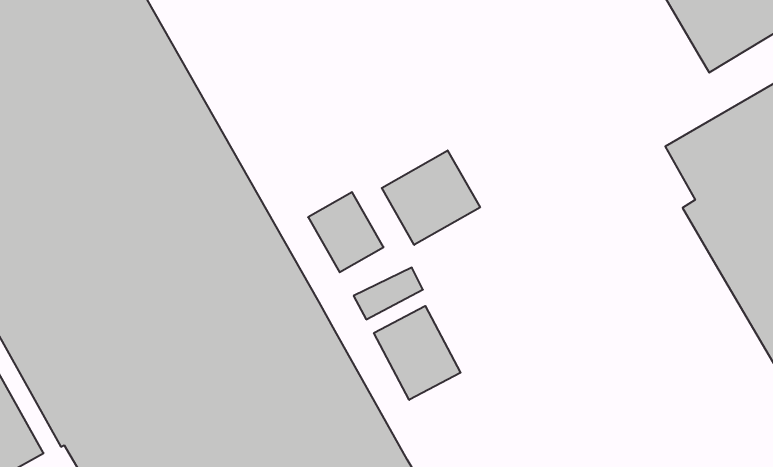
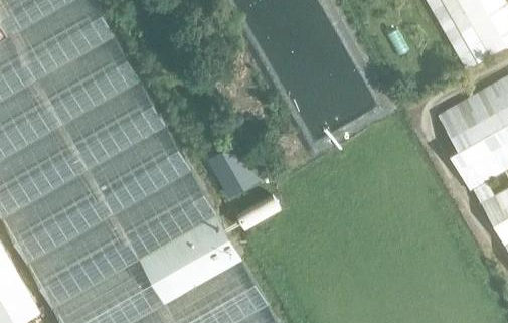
building: [382,150,480,245] -> none
building: [374,306,461,400] -> none

